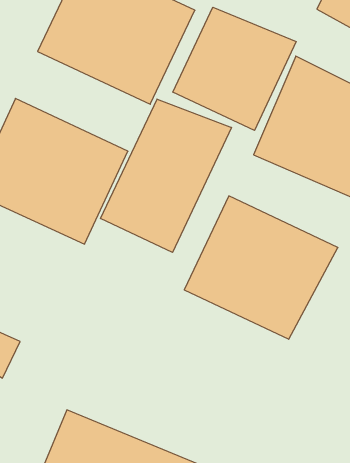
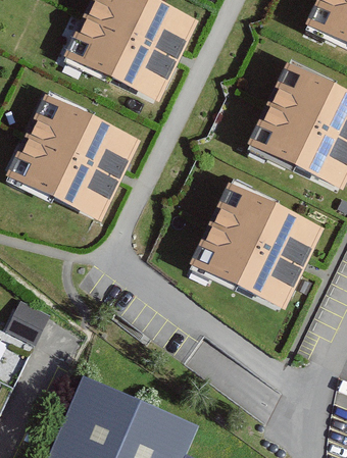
building: [173,7,296,130] -> none
building: [101,99,231,252] -> none

